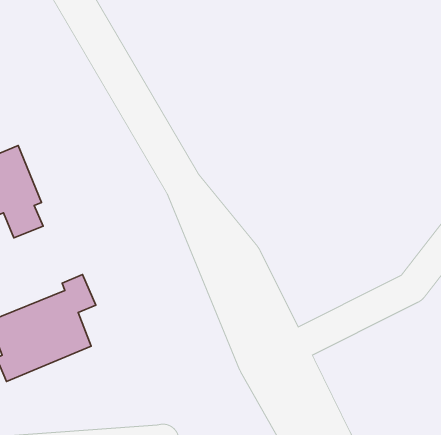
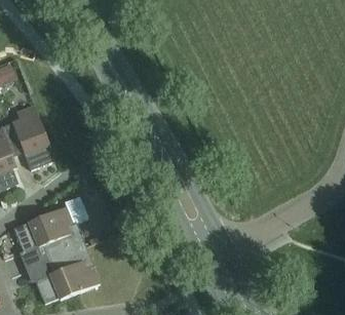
building: none -> [26,245,100,303]

